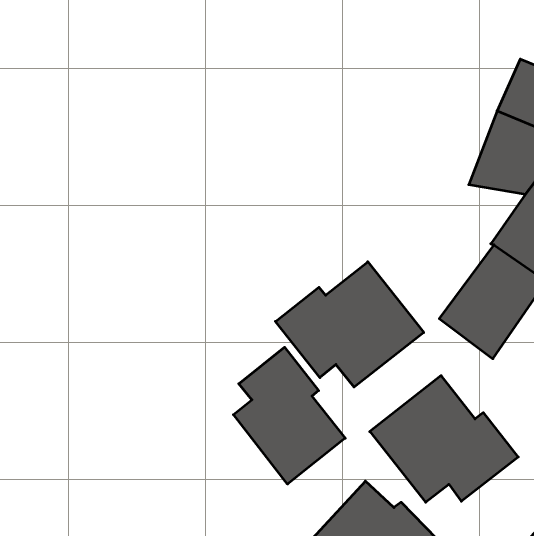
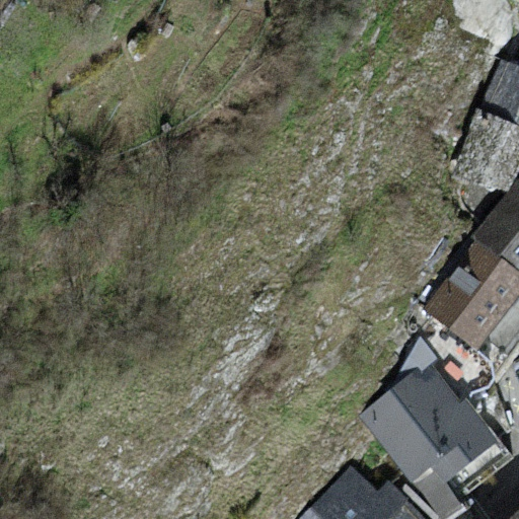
building: [275,262,424,387] -> none
building: [233,347,345,484] -> none

